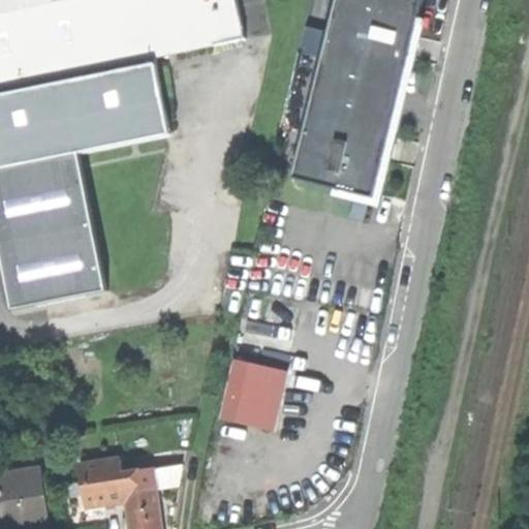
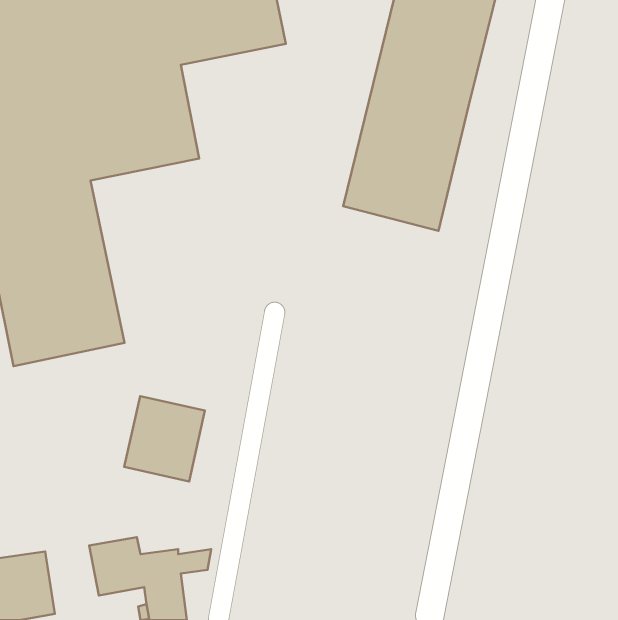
building: [217,356,285,429] -> [124,396,205,481]

